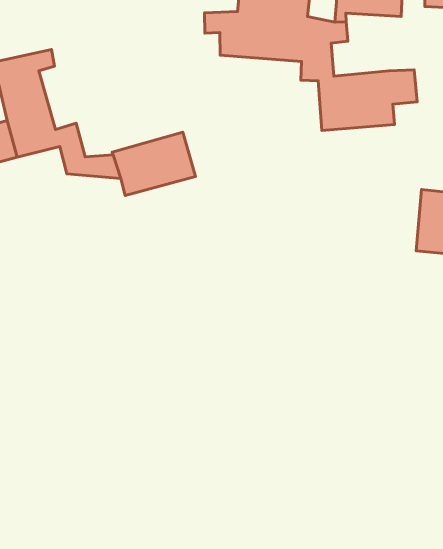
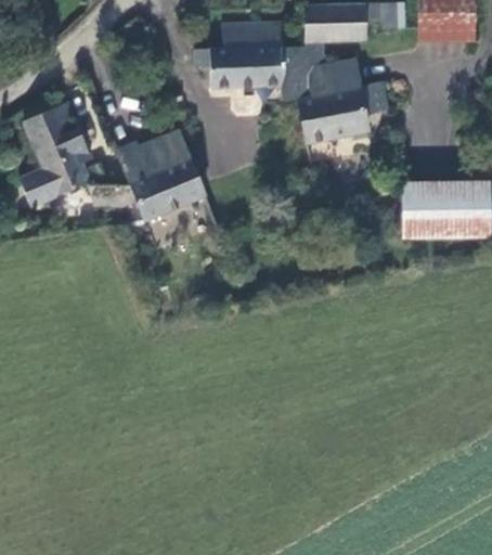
building: none -> [310,59,362,96]
building: none -> [119,131,191,182]

